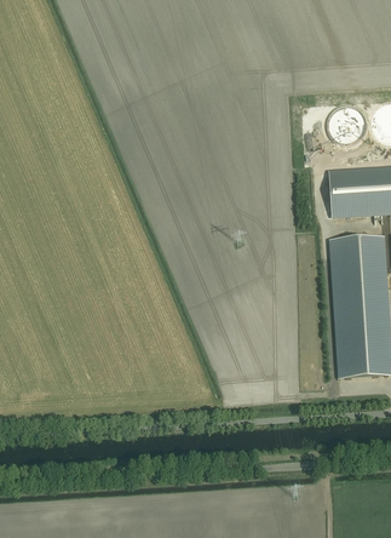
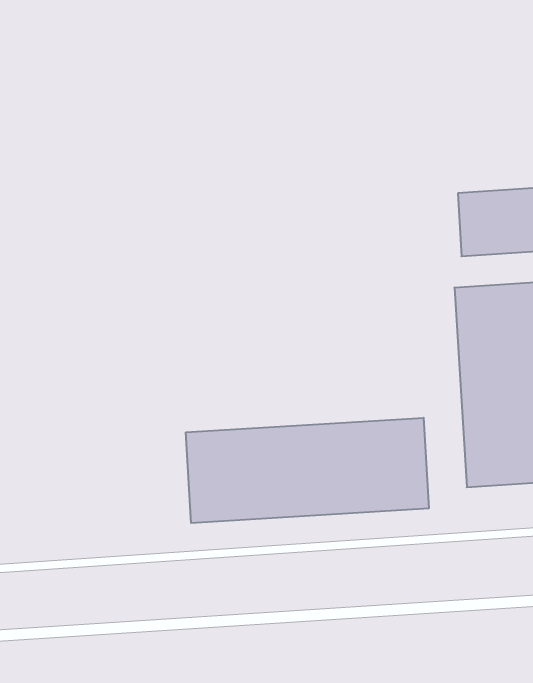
building: none -> [186,418,429,523]

